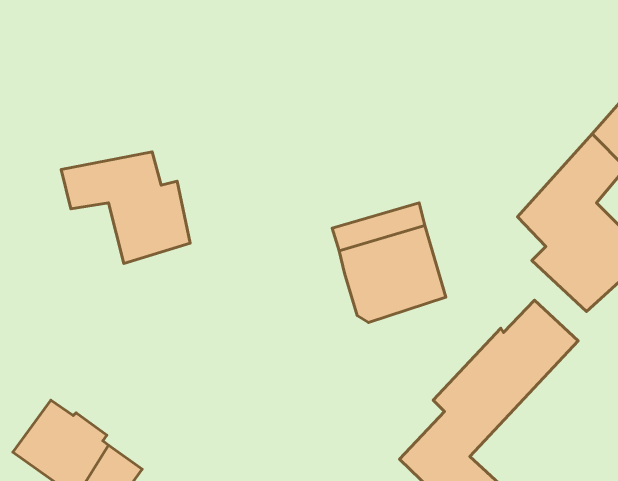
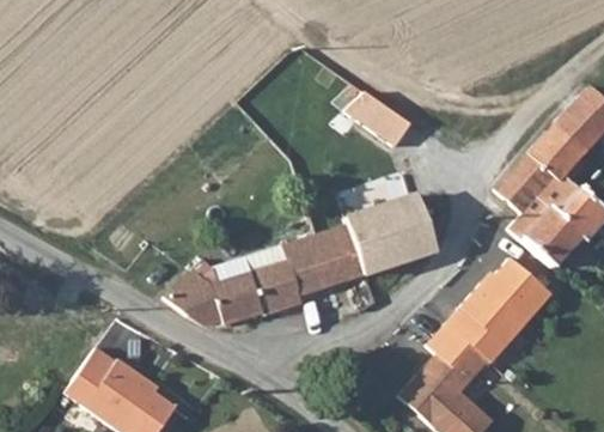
building: none -> [355,91,419,146]
building: [61,152,190,263] -> none
building: none -> [169,237,374,327]

